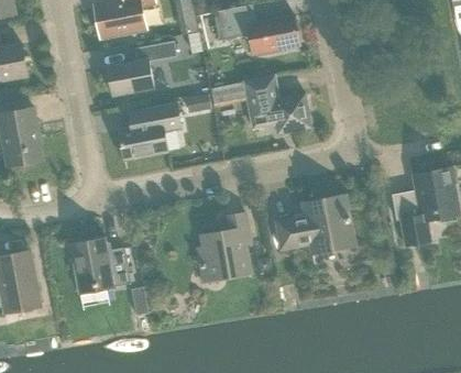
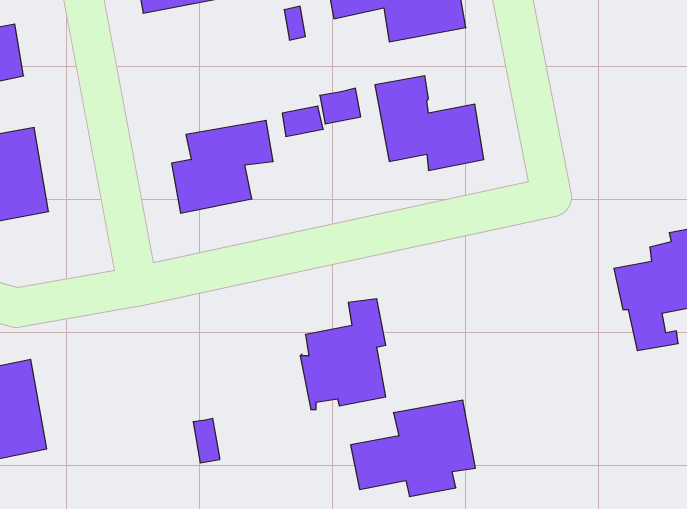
building: [106,41,177,95] -> none
building: [275,195,352,254] -> [351,400,475,497]
building: [69,238,130,289] -> none

